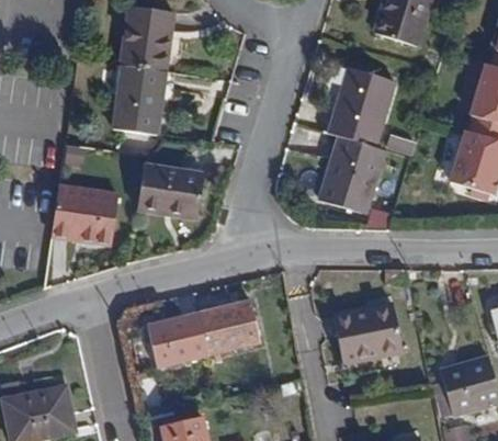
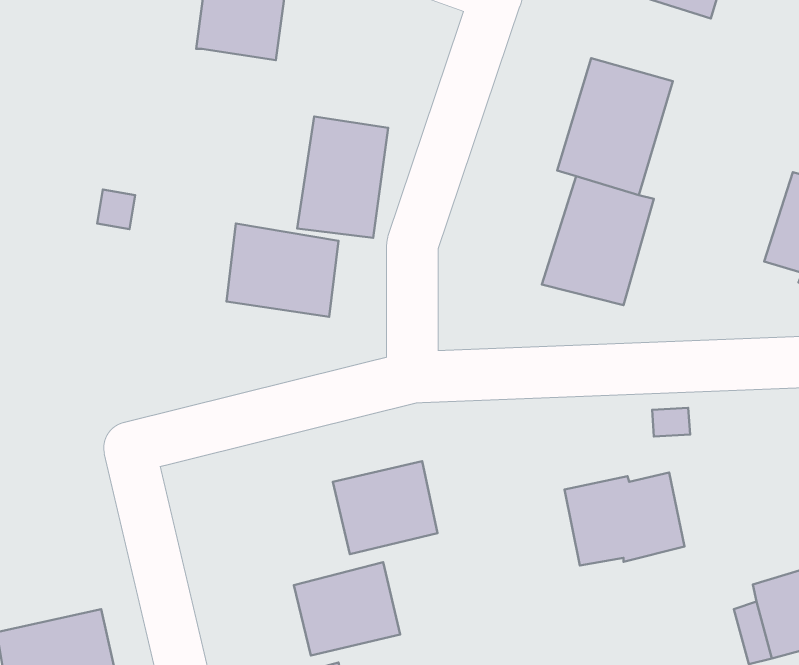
building: [114,63,167,133] -> [297,116,388,238]
building: [53,184,118,242] -> none
building: [148,313,210,366] -> [294,562,400,655]

